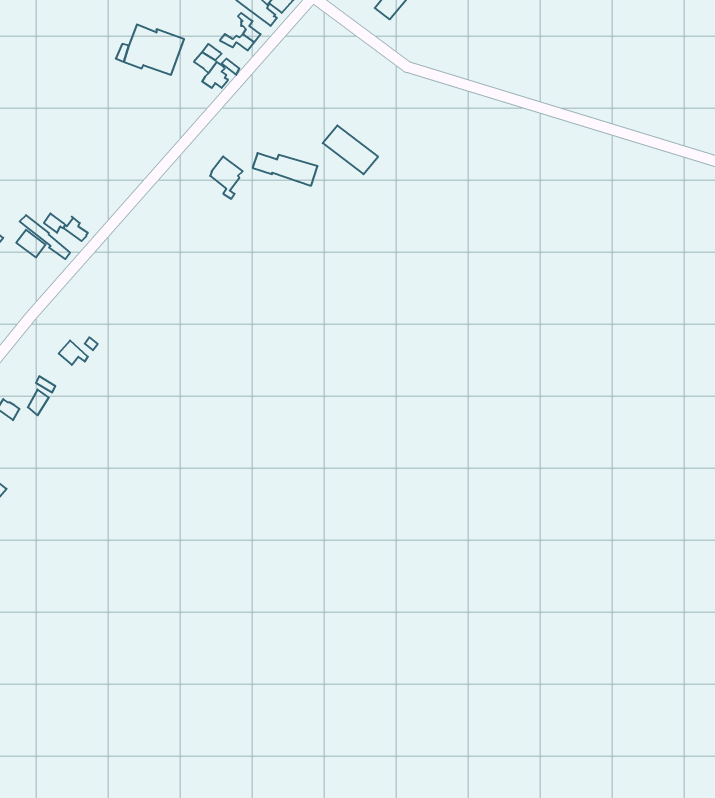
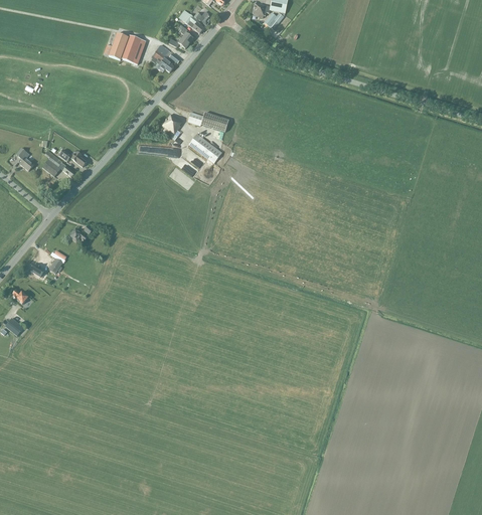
building: [323,125,378,174] -> [188,133,222,163]

